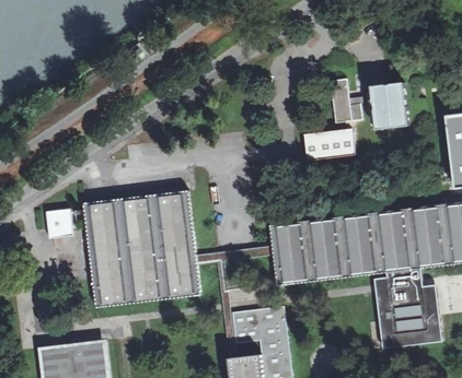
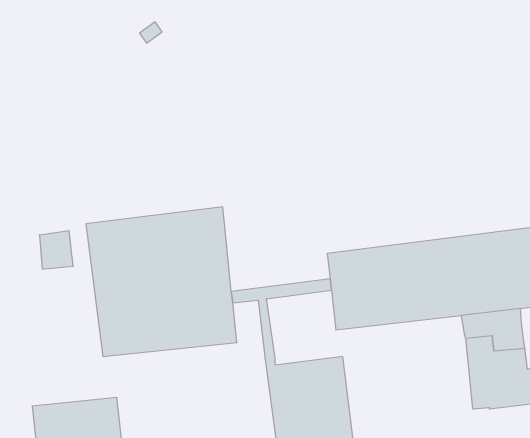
building: [304,79,408,160] -> none

